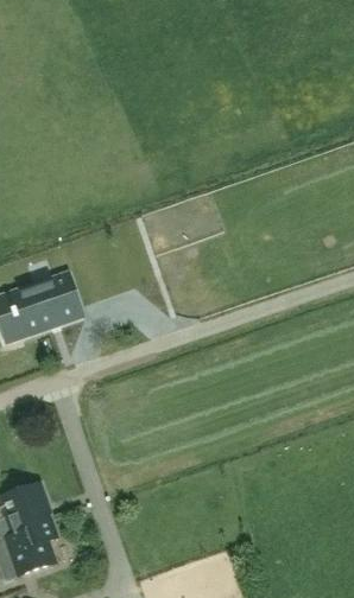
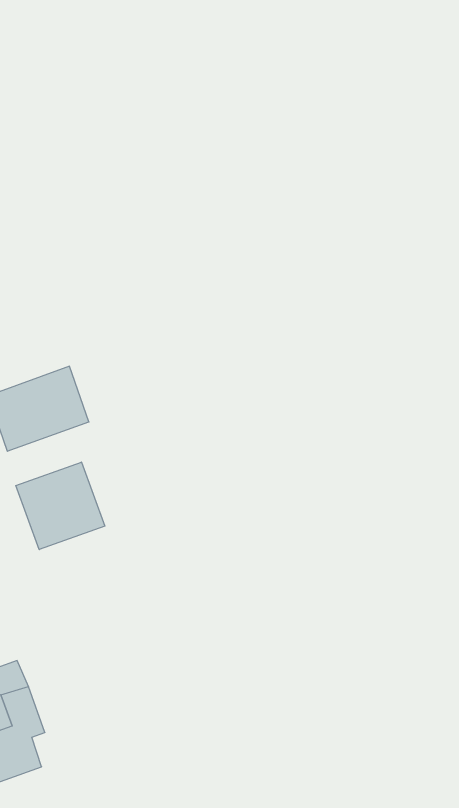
building: none -> [16,462,105,550]

